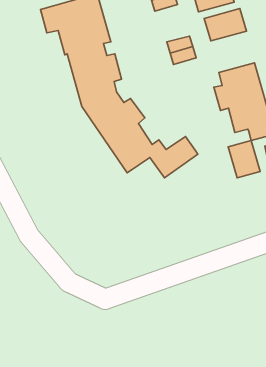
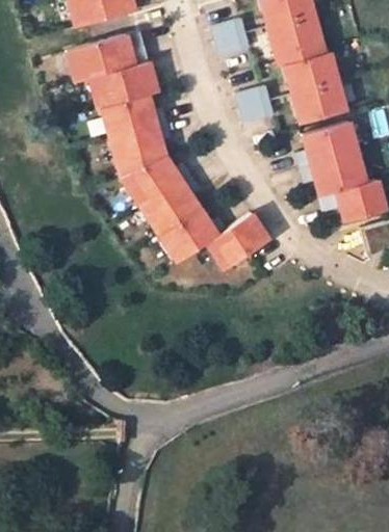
building: none -> [289,80,343,123]
building: [228,140,260,178] -> none

